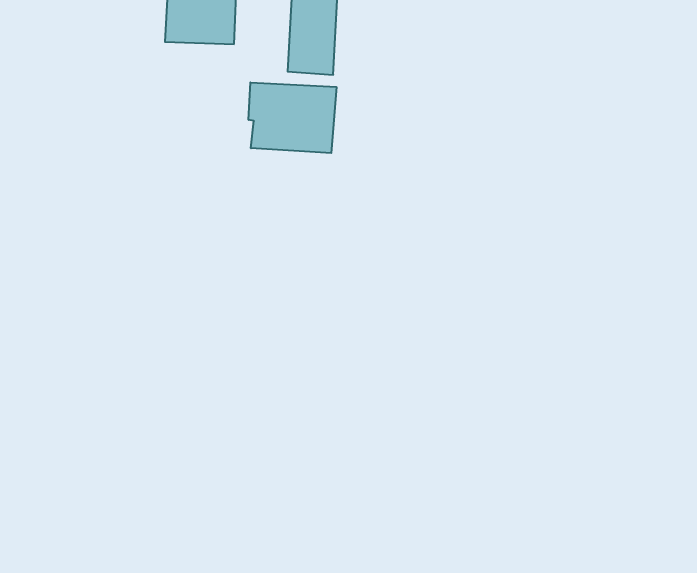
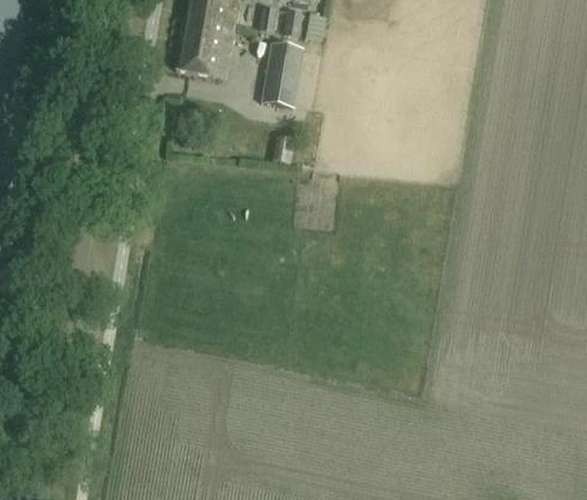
building: [249,82,336,153] -> none

